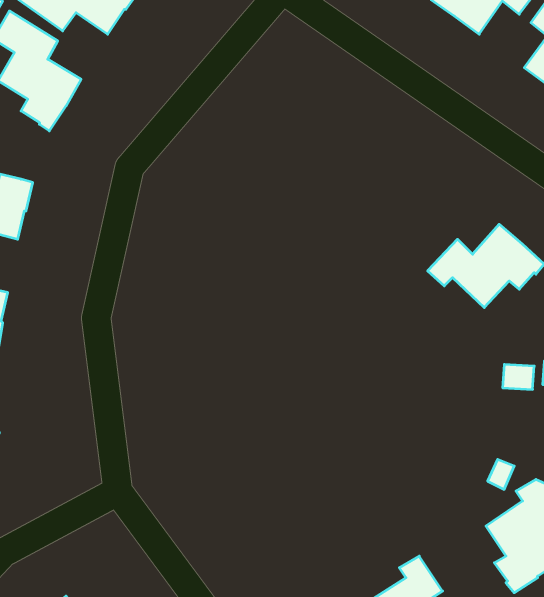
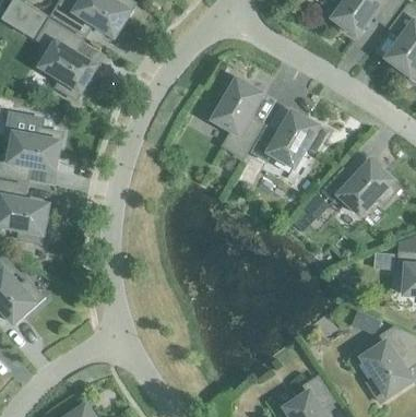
building: none -> [212,73,261,155]
building: none -> [251,110,325,166]

